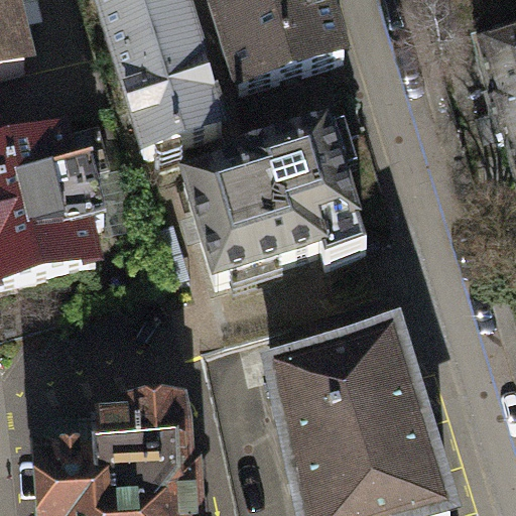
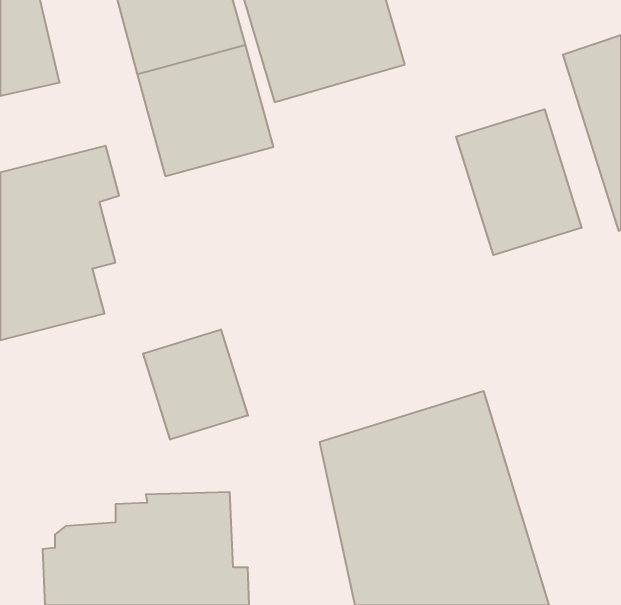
building: none -> [456,109,582,255]
building: [182,125,374,292] -> none
building: none -> [143,329,248,440]

